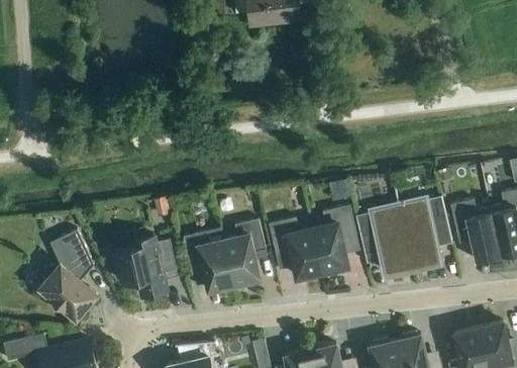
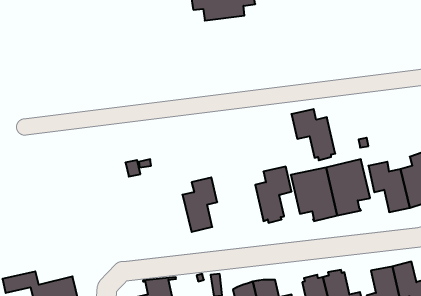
building: [269,217,322,280] -> [291,109,335,160]
building: [183,227,234,290] -> none
building: [39,231,97,319] -> none
building: [115,237,177,296] -> none

